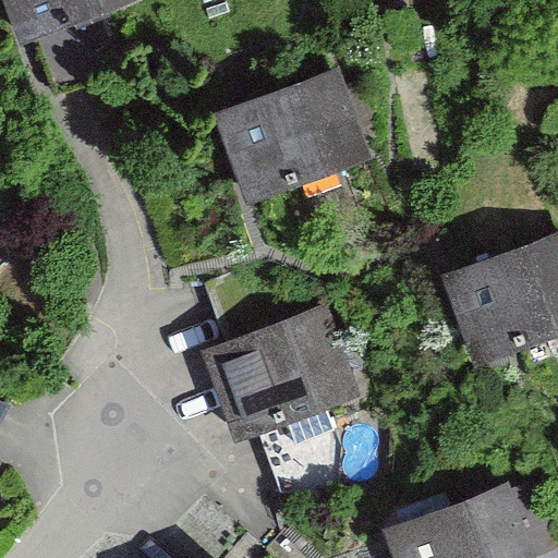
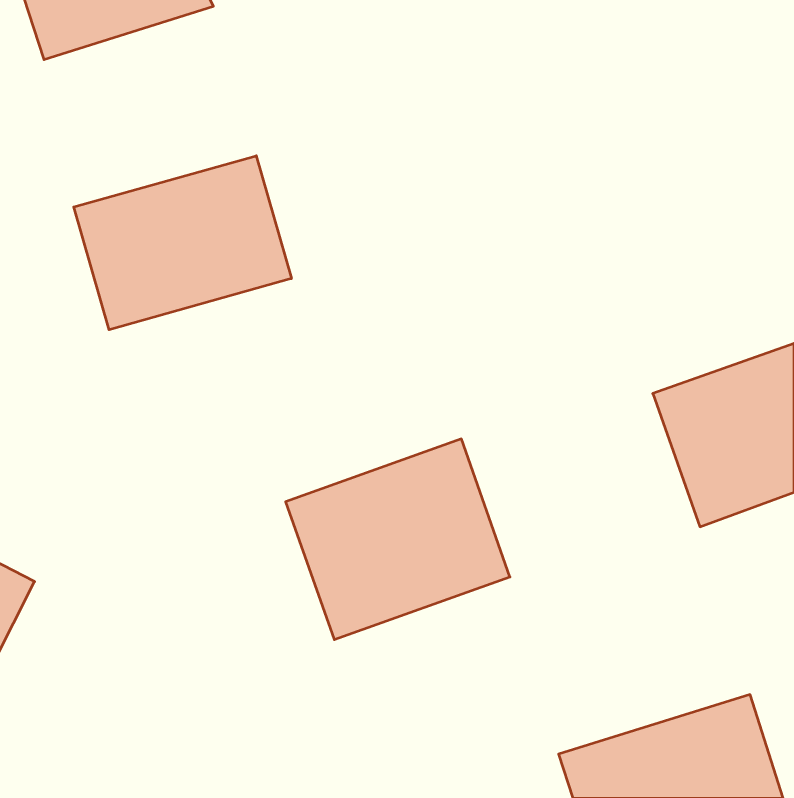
building: [218,64,379,208] -> none
building: none -> [74,156,291,330]

